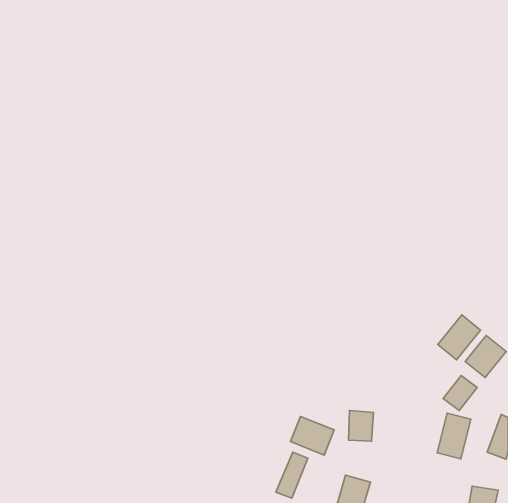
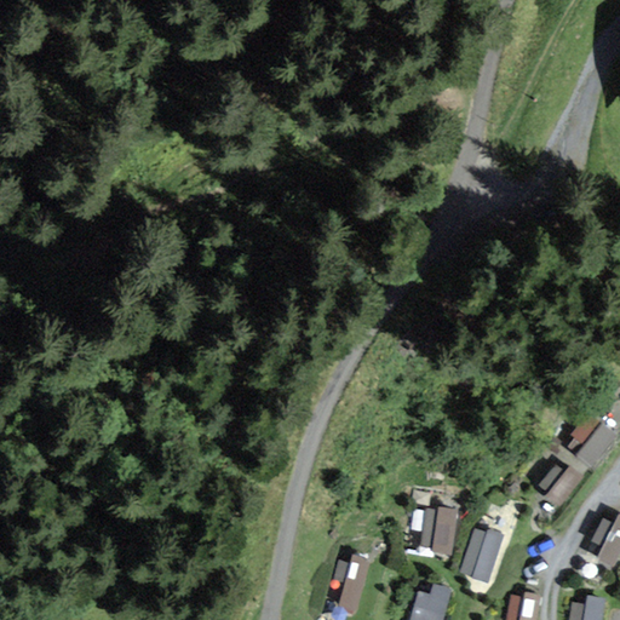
building: [438,315,481,360] -> none
building: [437,413,471,459] -> [461,527,503,582]
building: [290,416,334,455] -> none

